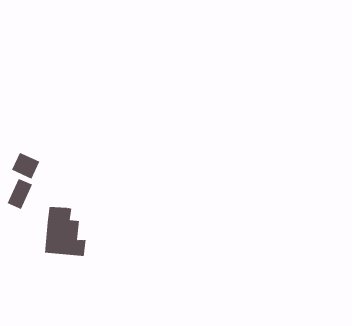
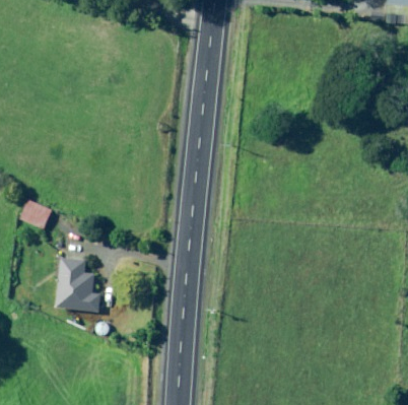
building: [7,178,33,210] -> none

